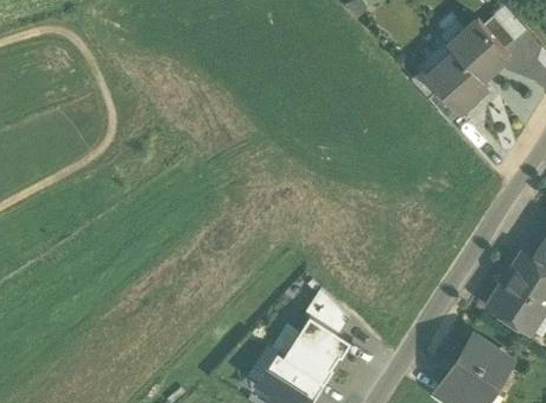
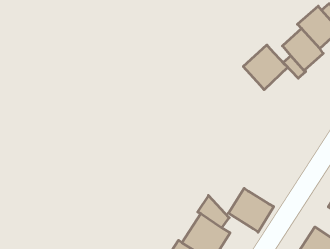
building: none -> [243,45,288,90]
building: none -> [228,188,274,232]

